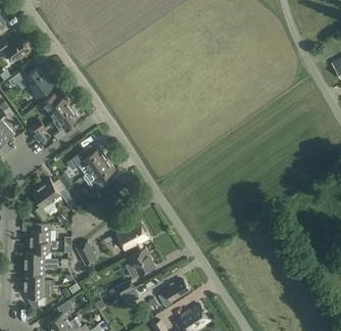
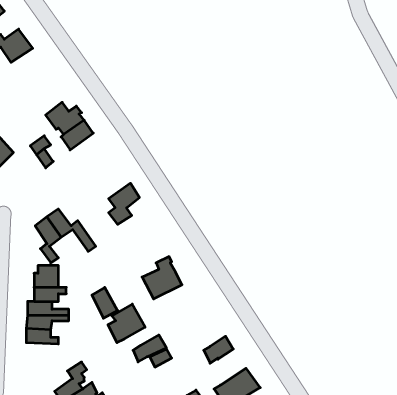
building: [8,68,53,99] -> none
building: [67,148,107,175] -> none
building: [126,248,155,279] -> [108,304,145,343]
building: [25,285,50,310] -> none

